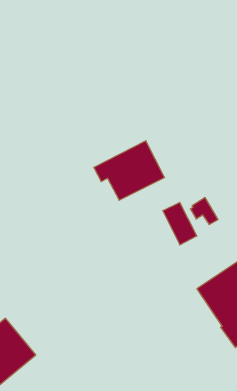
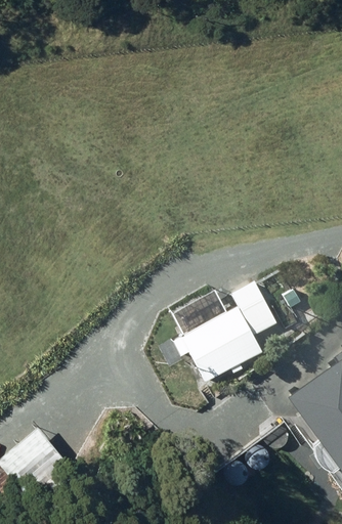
building: [94,141,165,200] -> [175,305,264,380]

